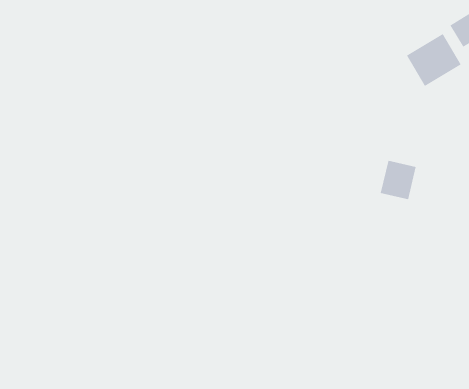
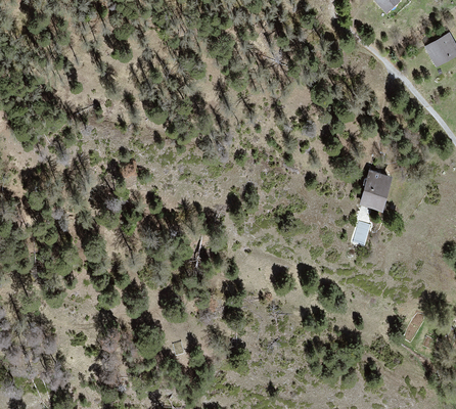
building: [406,33,462,87] -> none

